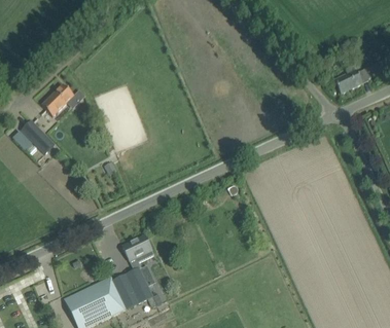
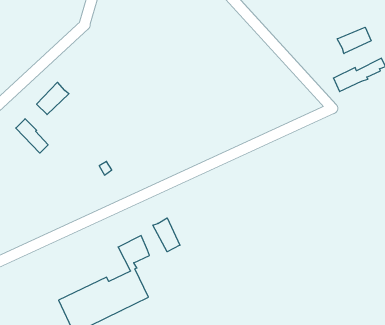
building: none -> [337,27,371,54]
building: none -> [153,218,180,252]

